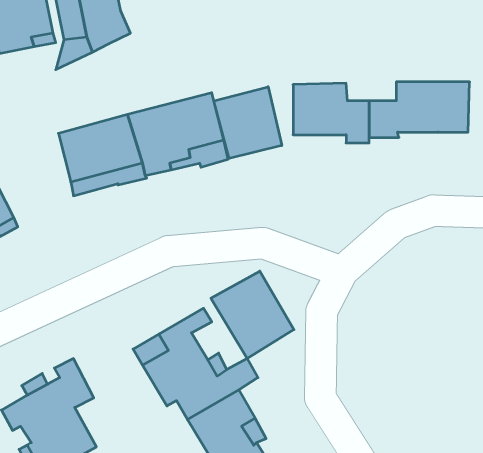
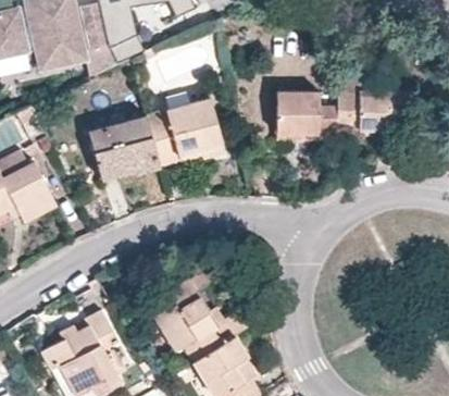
building: [214,87,282,158] -> none
building: [211,271,294,359] -> none

